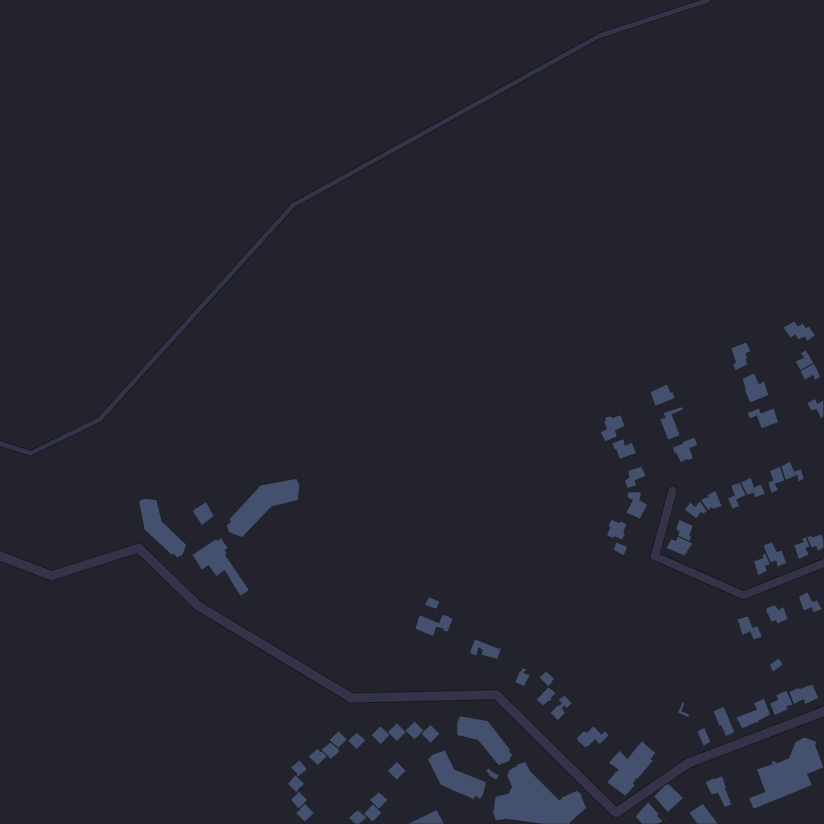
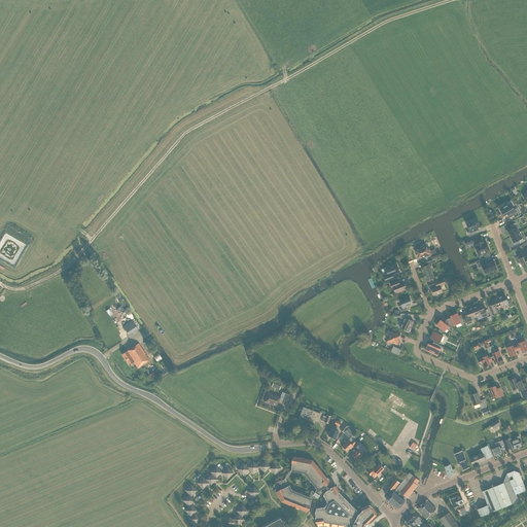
building: [226,478,300,538] -> none
building: [139,498,187,558] -> none

